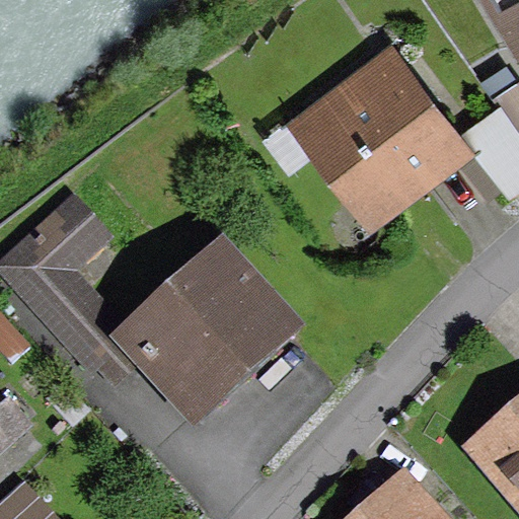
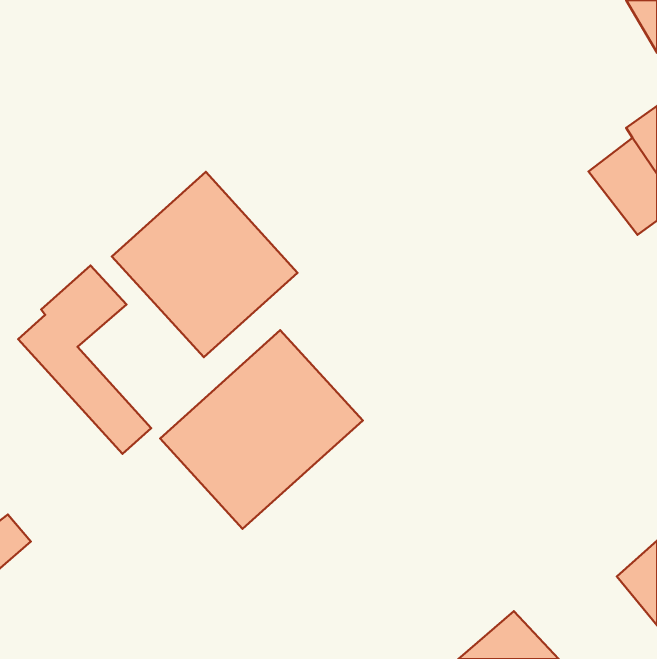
building: [306,65,450,209] -> none
building: none -> [112,172,298,357]

